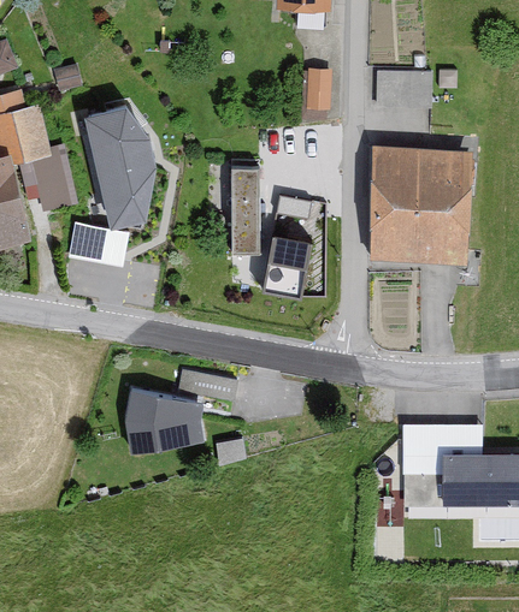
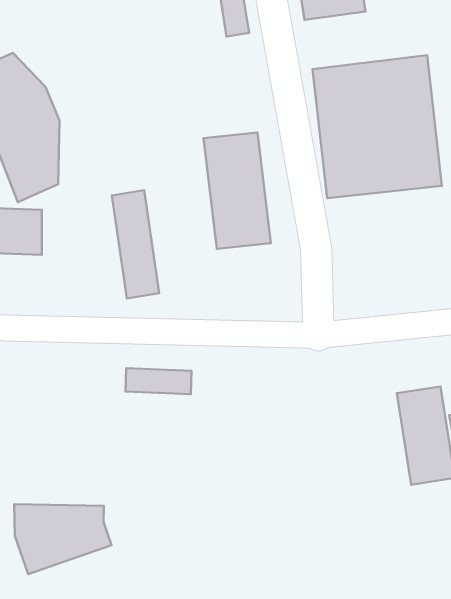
building: [230,168,259,256] -> [112,190,159,298]
building: [123,392,202,452] -> [14,504,112,574]

